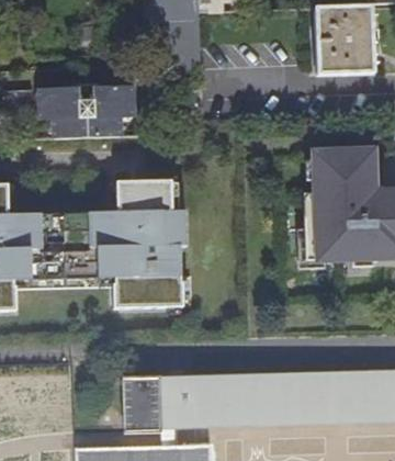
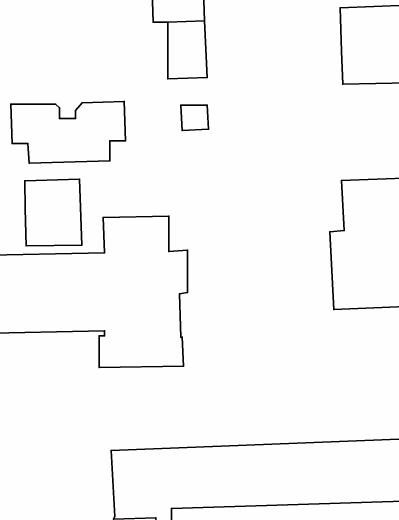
building: none -> [25,179,82,246]

